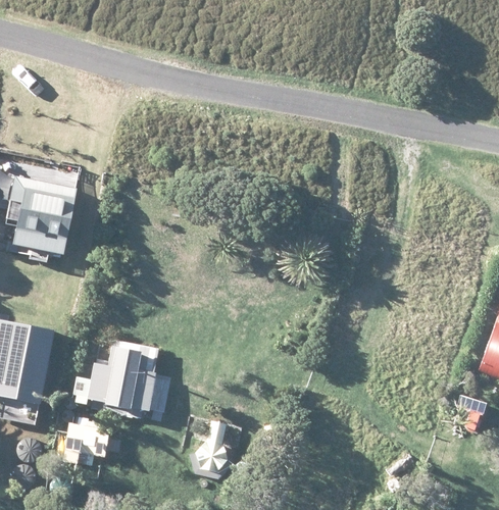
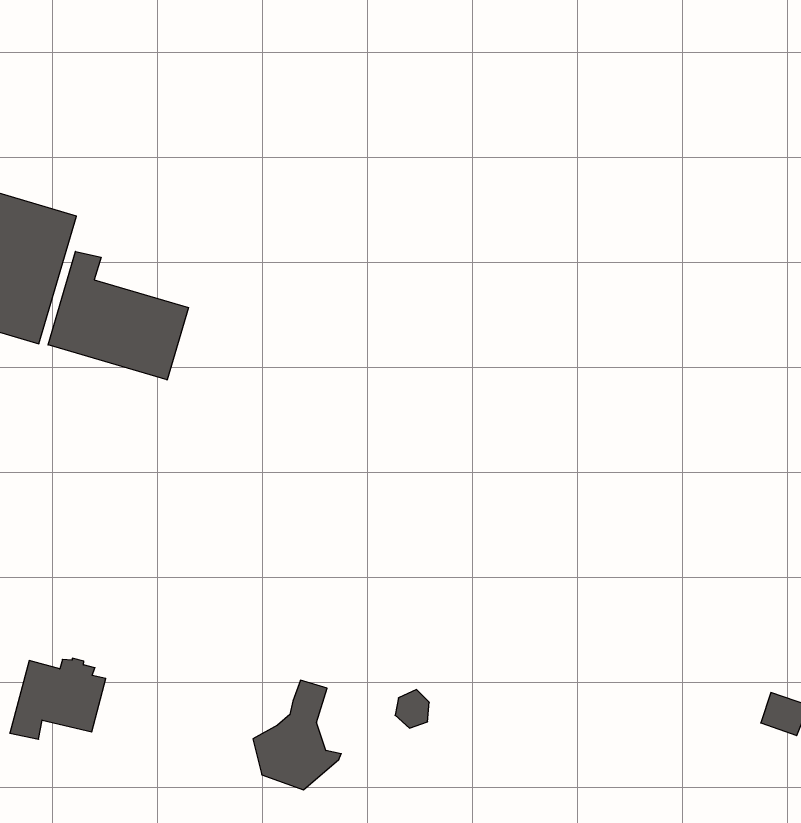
building: none -> [48,251,188,380]
building: [76,347,157,411] -> none

